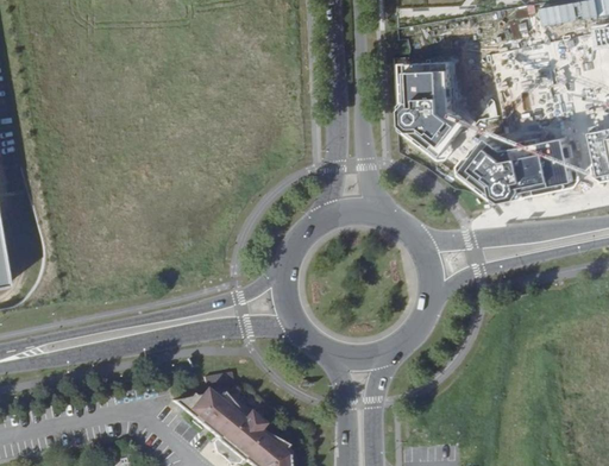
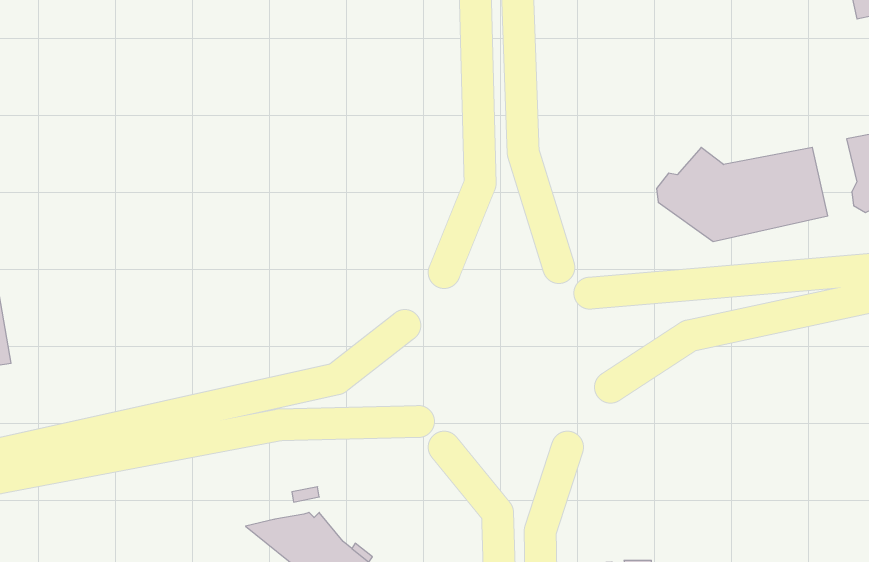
building: [401,58,469,157] -> none

